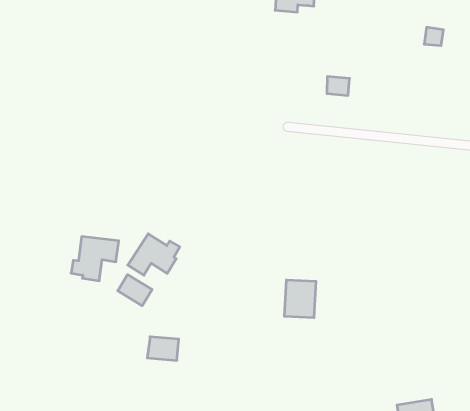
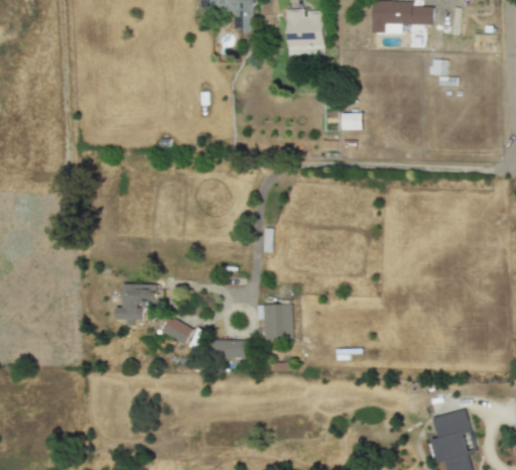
building: [128,234,180,275] -> none
building: [284,280,316,318] -> [263,303,292,338]
building: [147,337,179,360] -> [213,339,241,359]

